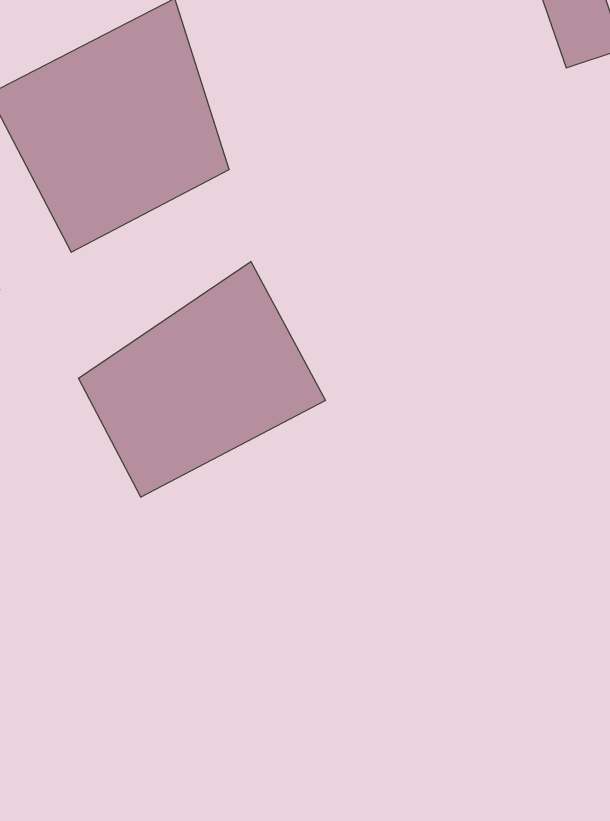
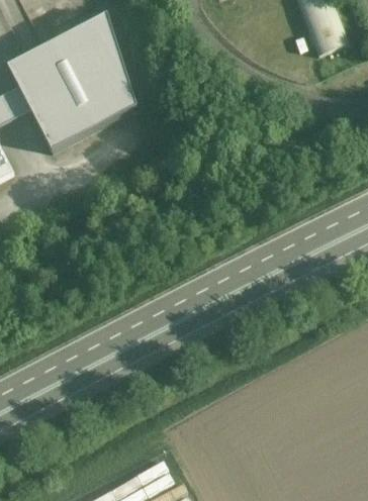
building: [78,261,325,497] -> none

